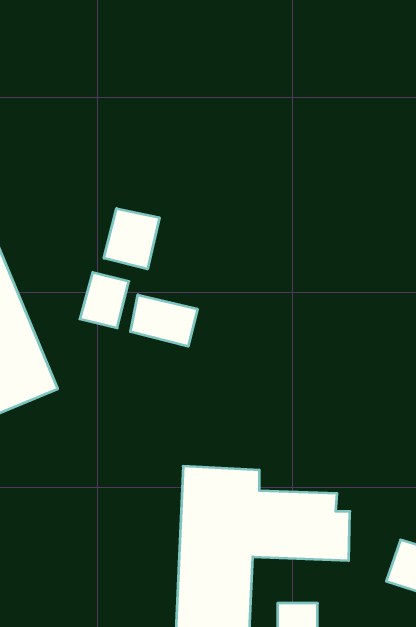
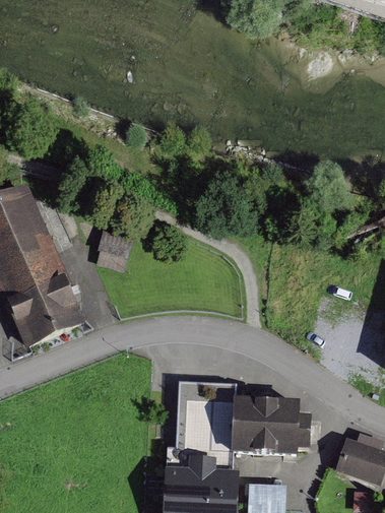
building: [104,208,159,269] -> none
building: [130,295,197,346] -> none

